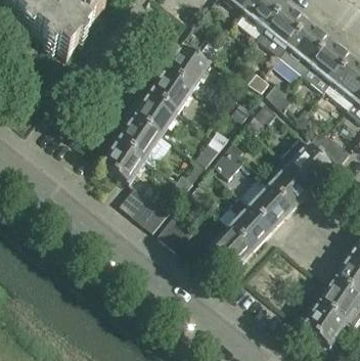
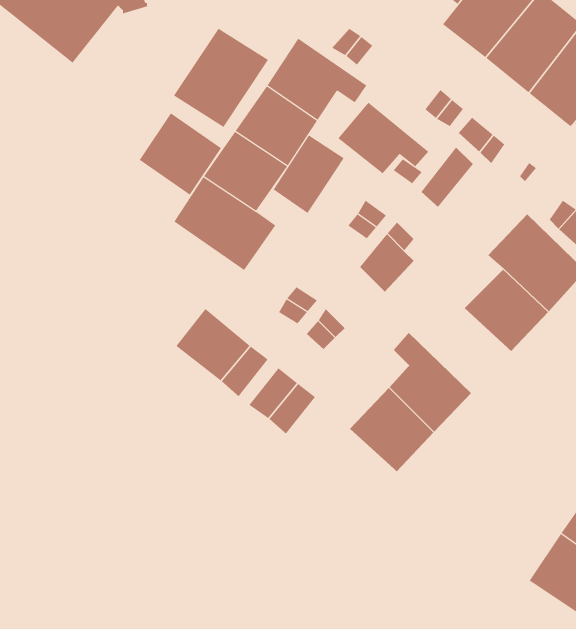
building: none -> [173,28,269,128]
building: none -> [338,102,429,174]
building: none -> [273,135,345,214]
building: [102,140,145,183] -> [139,113,222,195]
building: [240,177,294,229] -> none

